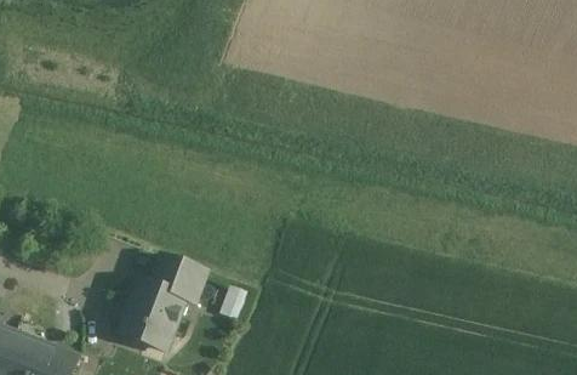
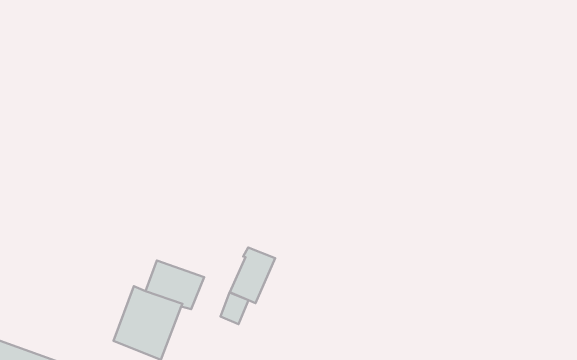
building: none -> [230,248,275,303]

